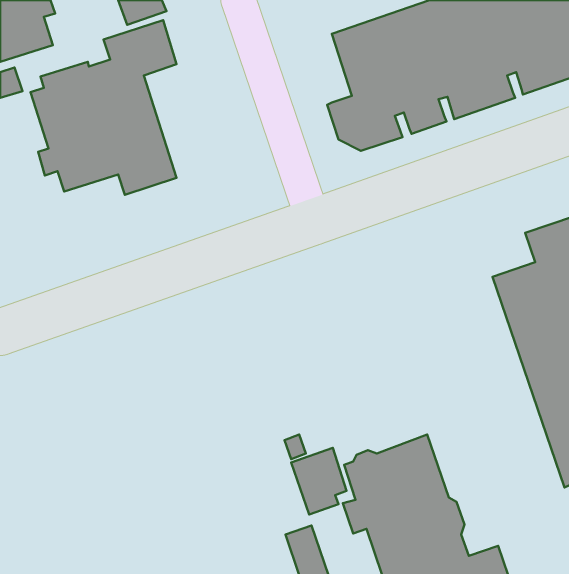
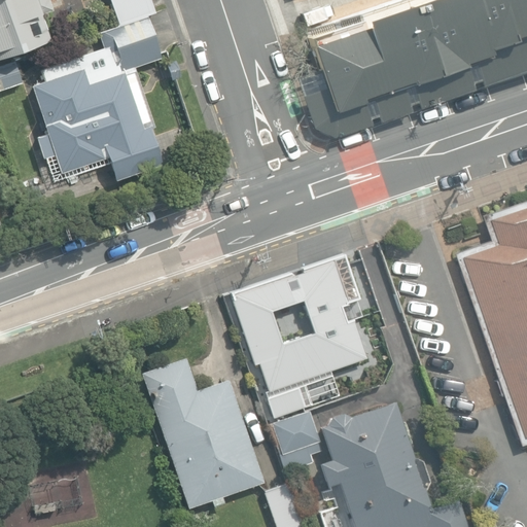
building: none -> [231,256,374,396]
building: none -> [141,357,265,508]

